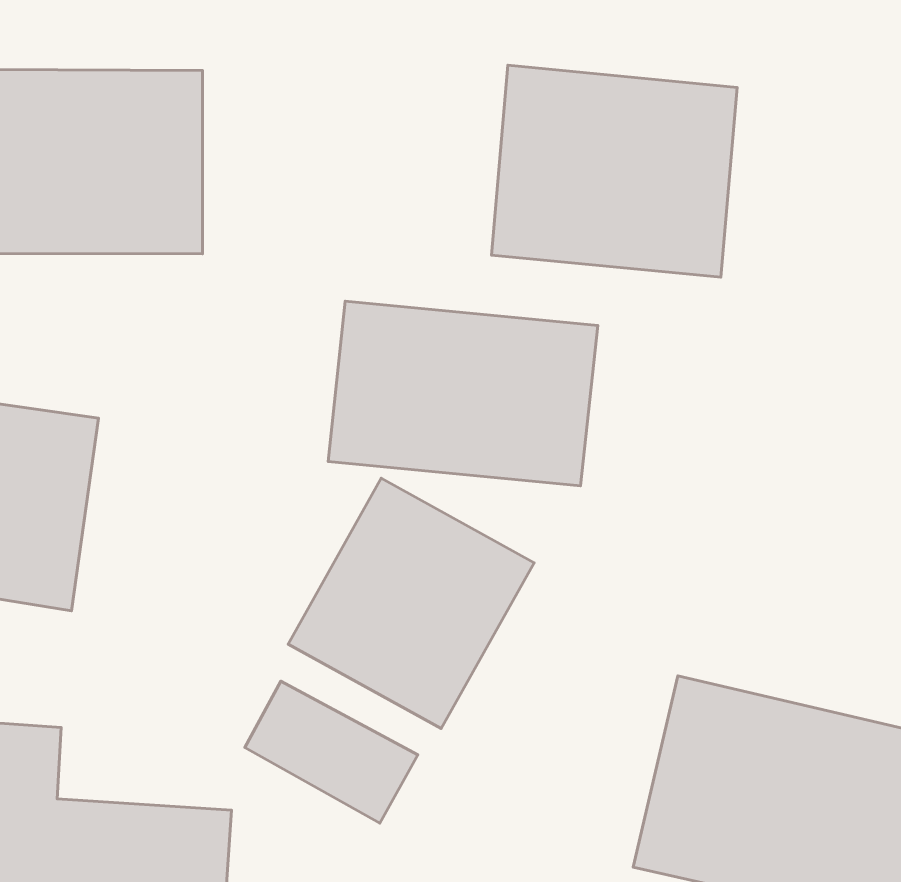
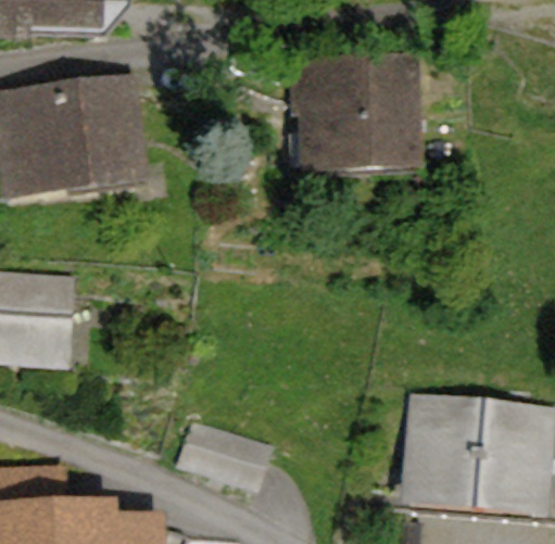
building: [328,301,598,486] -> none
building: [288,478,534,729] -> none

